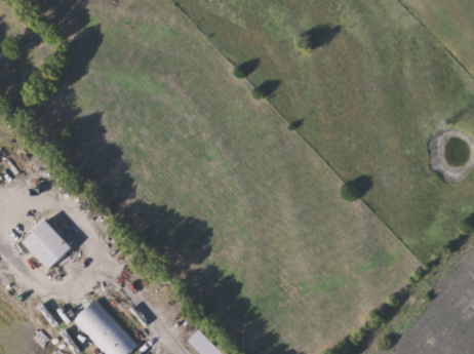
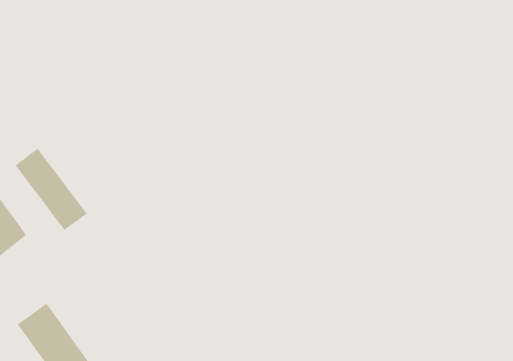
building: none -> [15,148,87,231]

